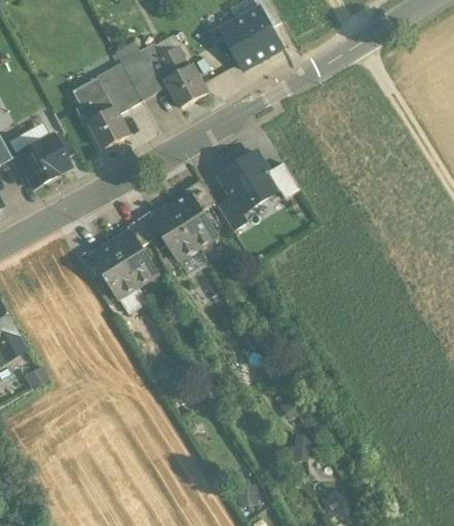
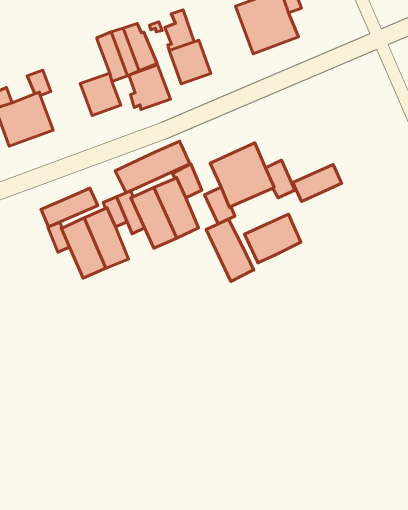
building: [74,77,115,120] -> [129,65,170,109]
building: none -> [115,141,190,193]
building: none -> [293,164,342,201]
building: none -> [245,214,301,263]
building: none -> [41,188,98,227]
building: none -> [206,219,254,281]

